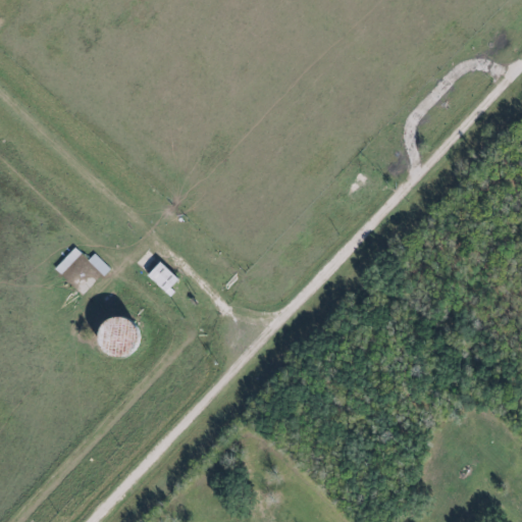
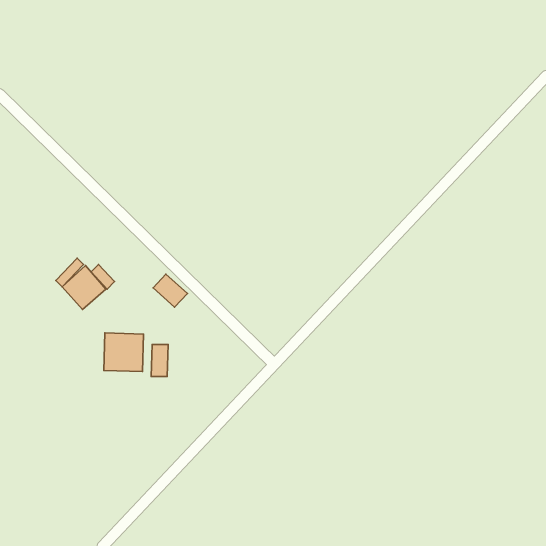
building: none -> [151,344,168,377]

